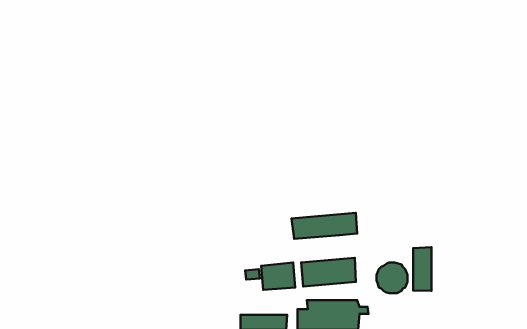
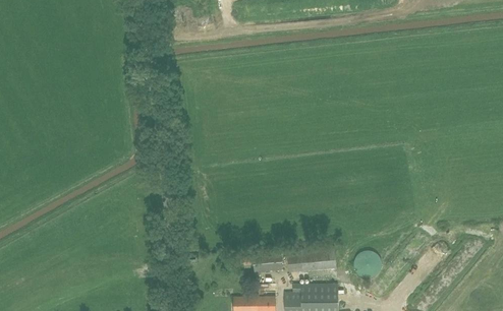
building: [291,213,357,239] -> none
building: [413,247,431,291] -> none

